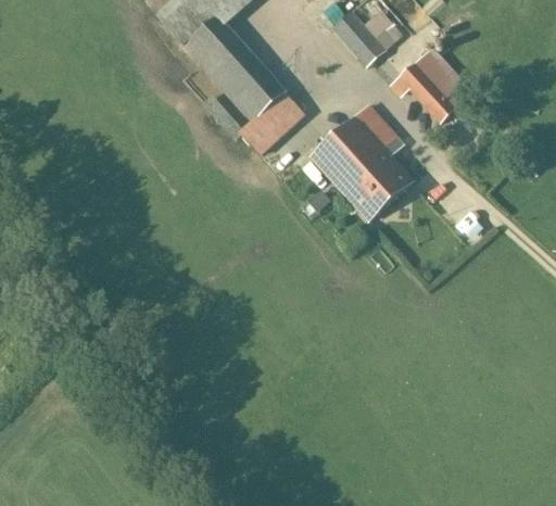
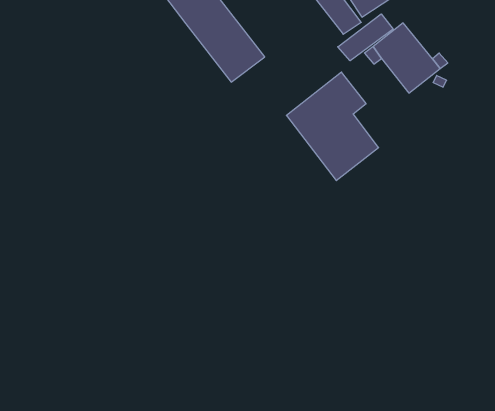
building: none -> [338,14,393,61]
building: [239,94,304,157] -> none

